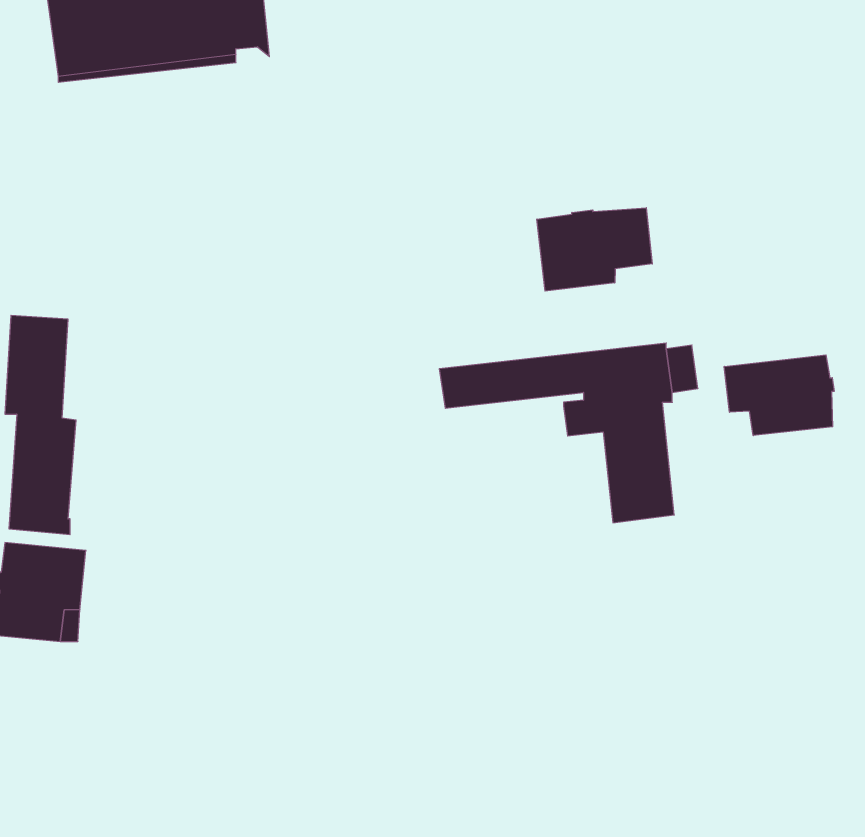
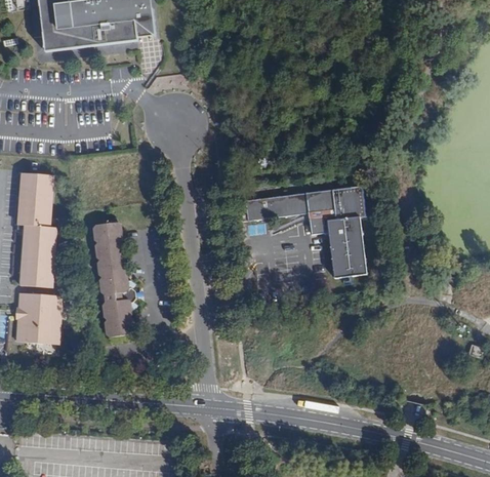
building: [537,208,652,291] -> none
building: [724,355,834,436] -> none
building: none -> [93,223,138,339]

